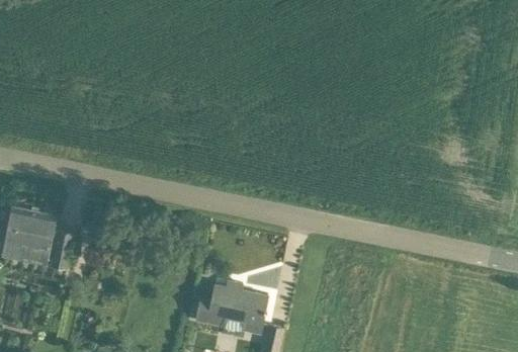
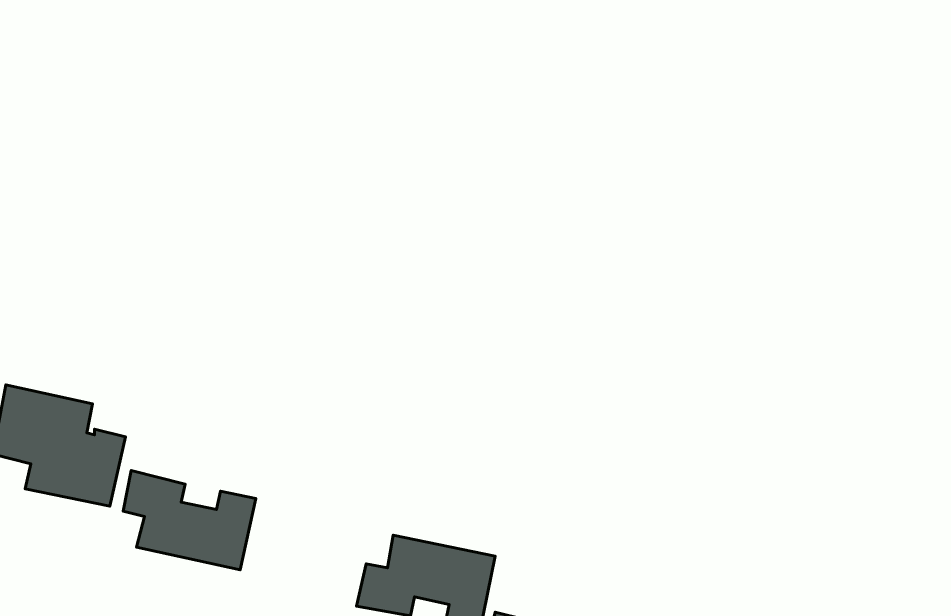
building: none -> [123,471,256,570]

